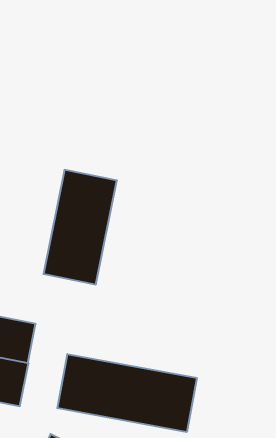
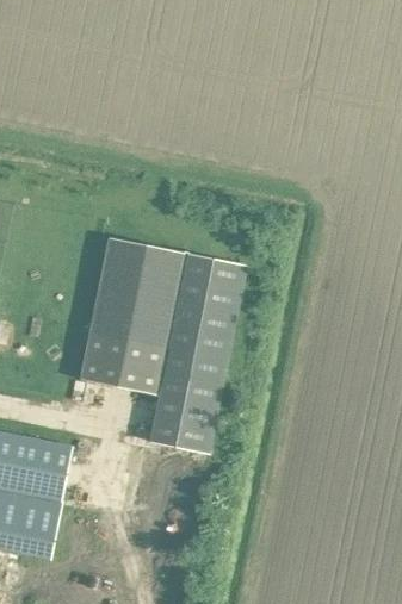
building: none -> [155,255,237,441]
building: [57,354,197,432] -> none

